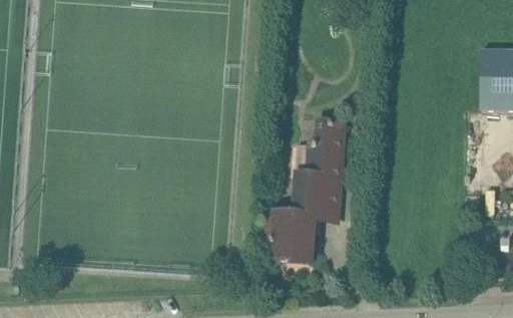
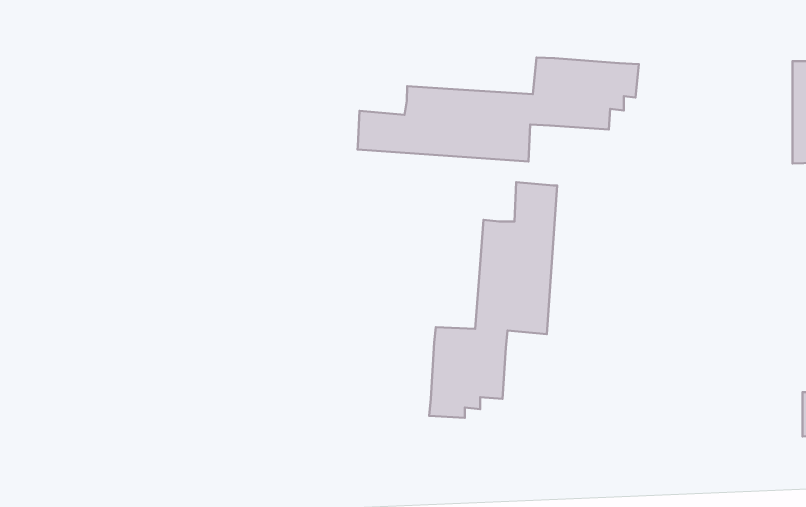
building: none -> [357,58,639,161]

